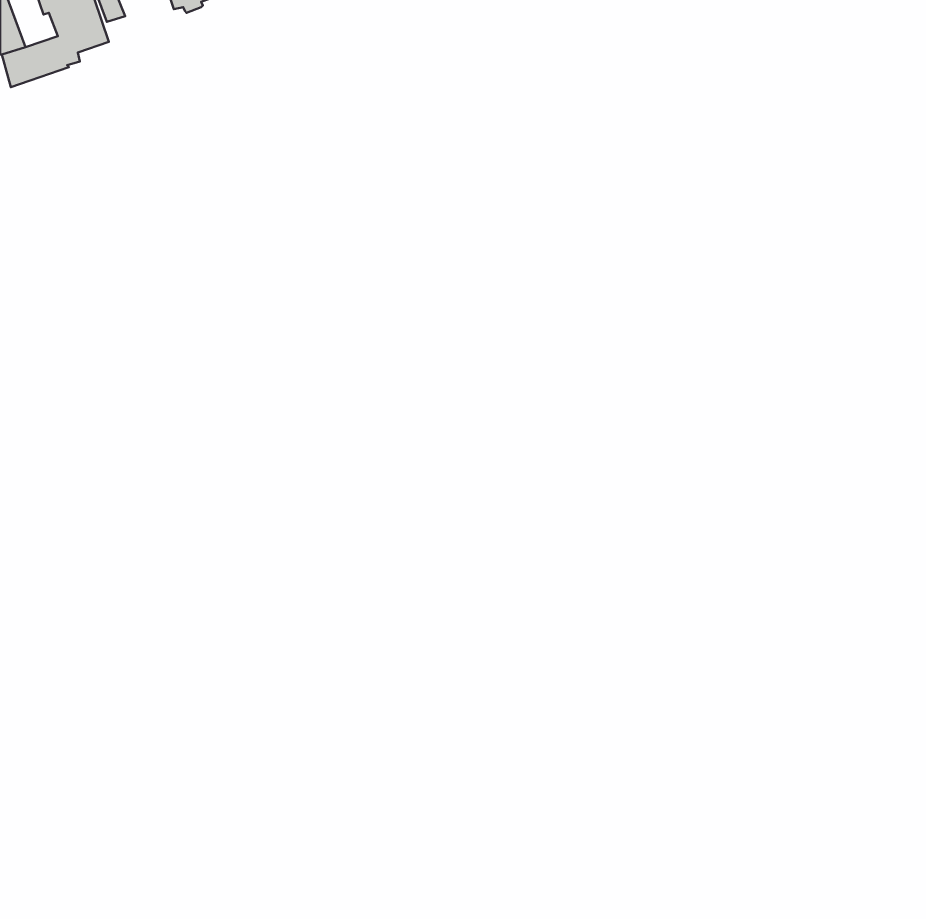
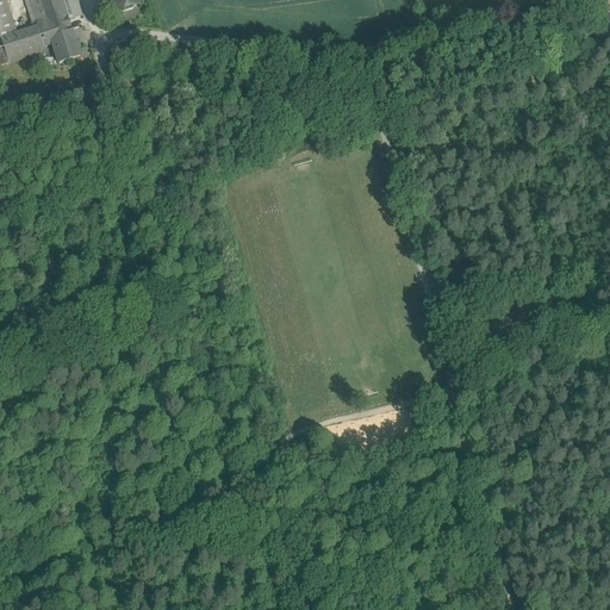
building: none -> [51,27,80,60]

